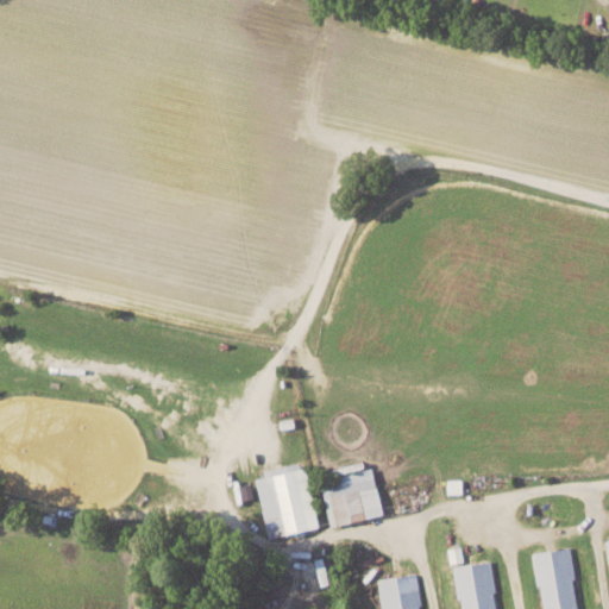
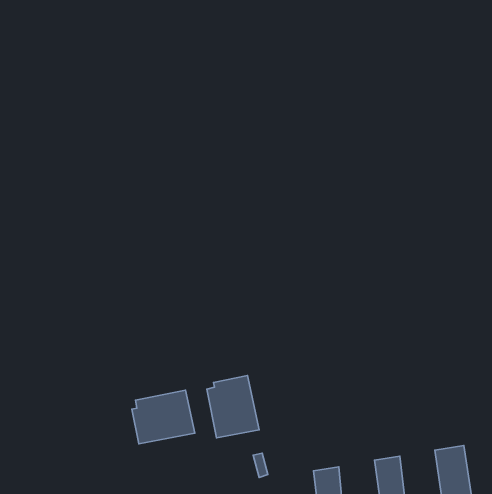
building: [319,470,383,527] -> none
building: none -> [132,390,195,444]

